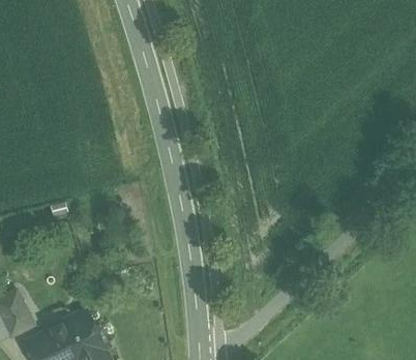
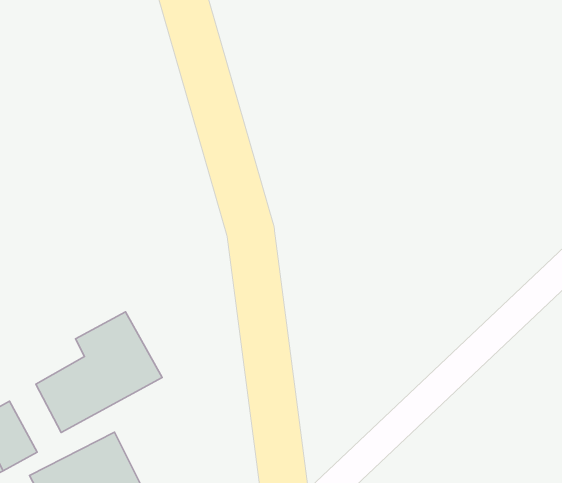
building: none -> [36,312,162,433]

